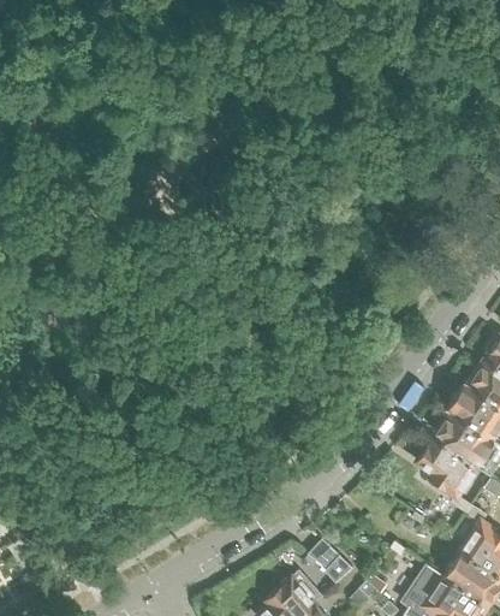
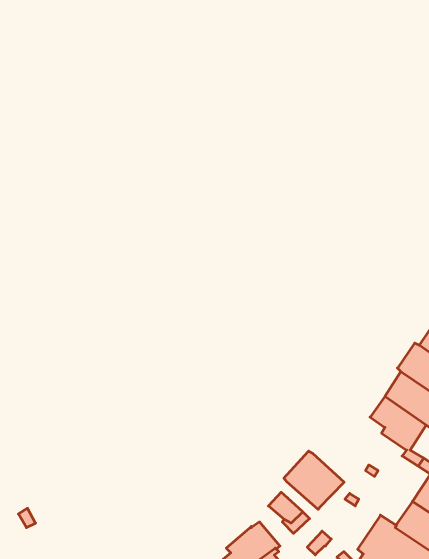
building: none -> [284,451,344,509]

